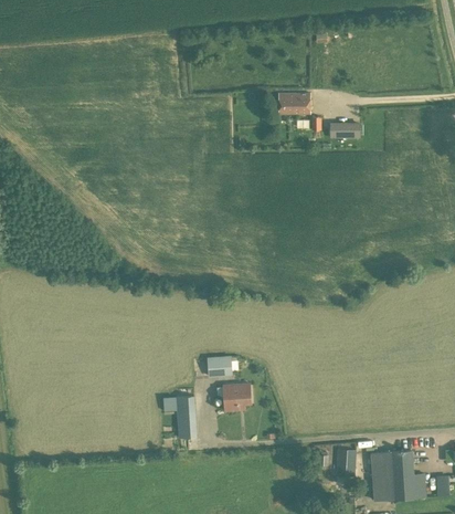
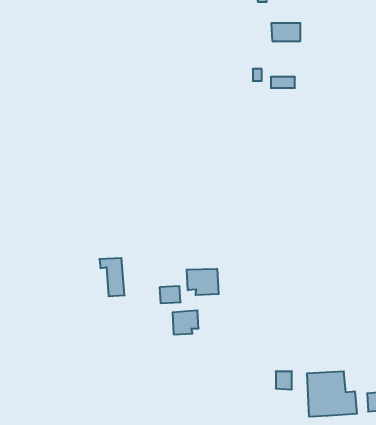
building: [277,94,309,114] -> [271,23,300,41]
building: none -> [187,269,219,295]
building: [168,396,195,438] -> [99,258,125,296]

